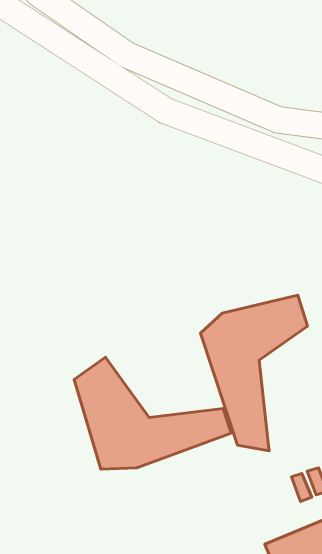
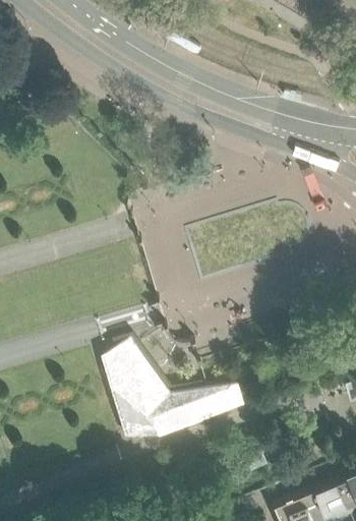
building: [201,295,308,451] -> none

